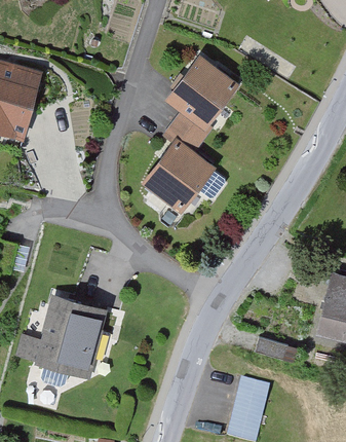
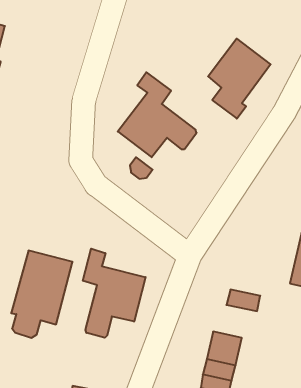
building: [171,58,234,138] -> [208,39,271,119]
building: none -> [83,249,146,338]

